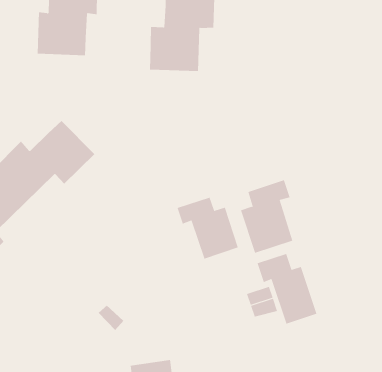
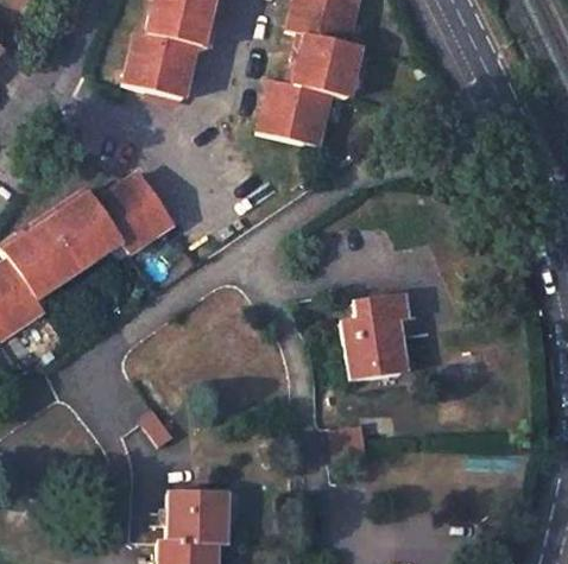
building: [177,197,239,259] -> none
building: [257,253,317,325] -> none

